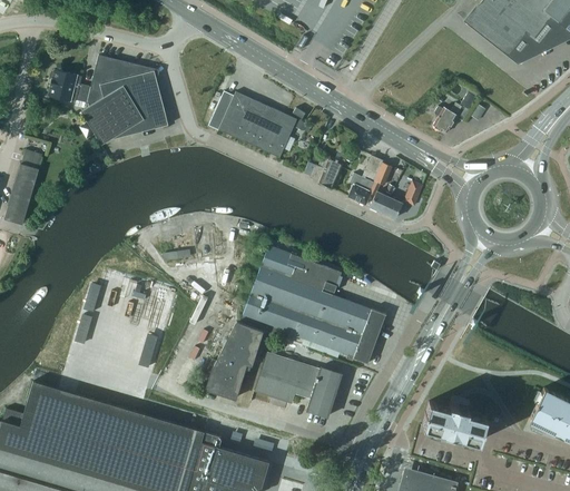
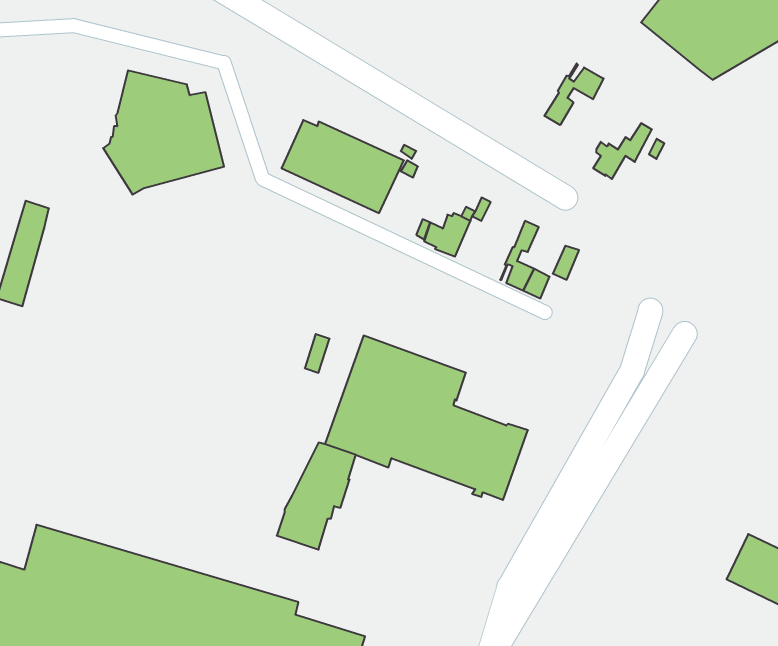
building: none -> [544,63,604,125]
building: [47,69,90,102] -> none
building: [348,155,383,205] -> none
building: [254,352,340,416] -> none
building: [422,401,485,441] -> none

